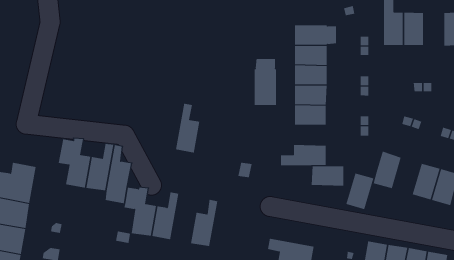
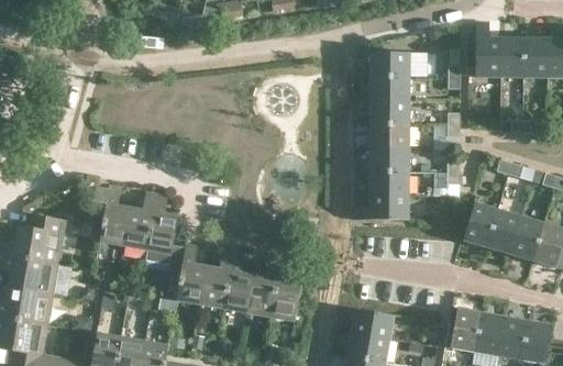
building: none -> [523,37,547,77]
building: [254,58,276,106] -> none
building: [175,103,200,153] -> [223,252,253,311]
building: [311,166,344,186] -> [368,170,408,195]
building: [345,173,374,210] -> [486,209,520,253]
building: none -> [269,260,300,319]

